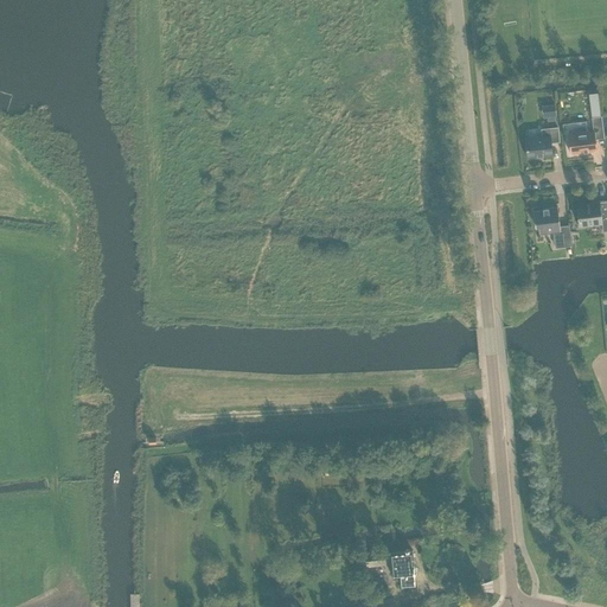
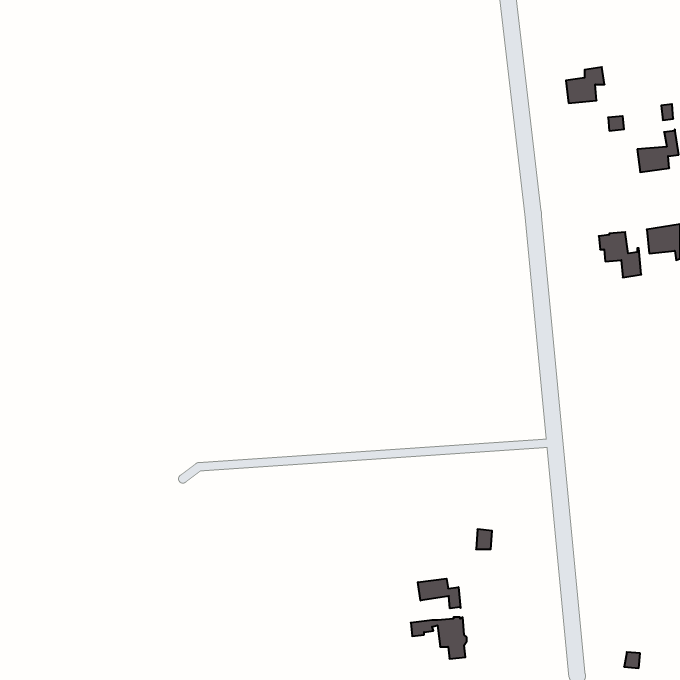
building: [524,126,558,158] -> [566,67,605,103]
building: none -> [418,579,461,608]

